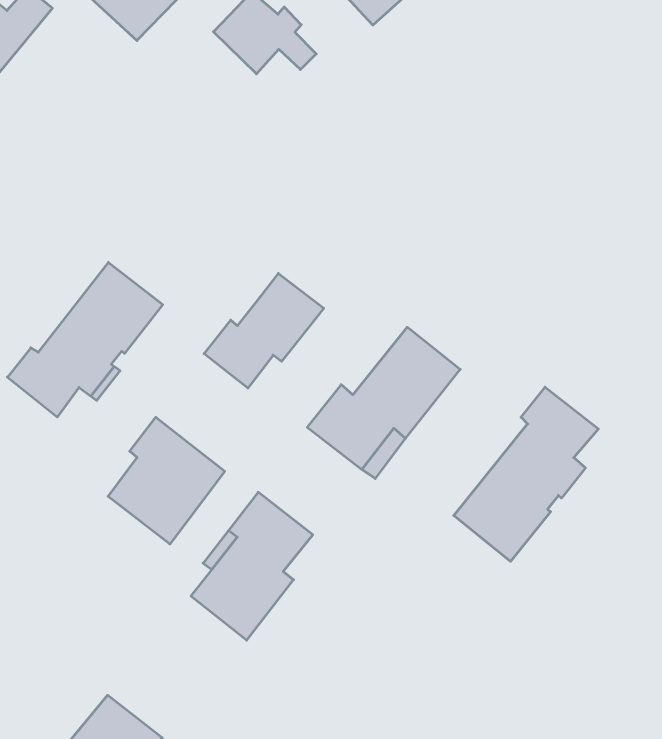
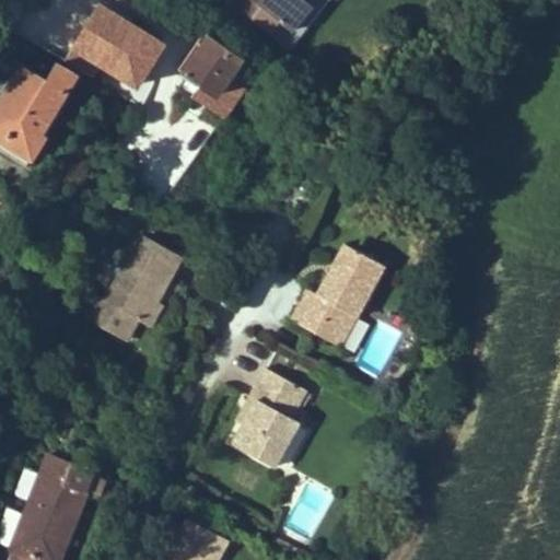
building: [204,273,324,388] -> none
building: [454,387,598,561] -> none
building: [108,417,225,544] -> none

